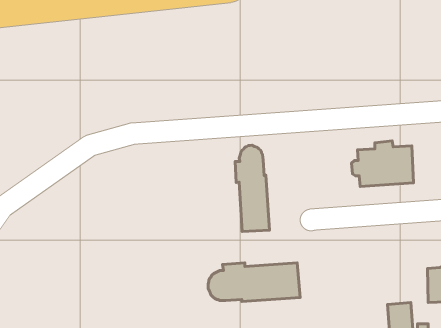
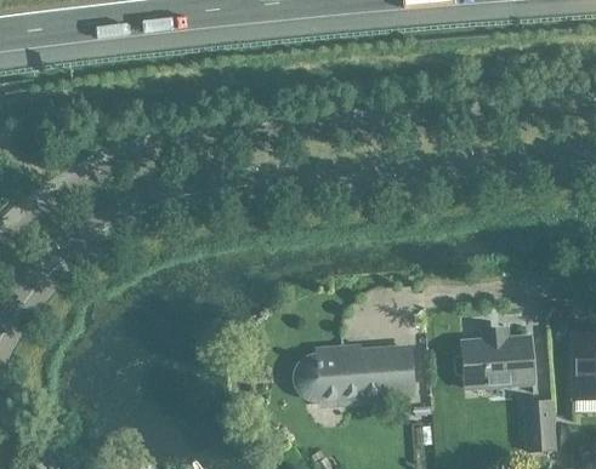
building: [352,141,414,187] -> [456,330,534,387]
building: [235,145,269,231] -> none

